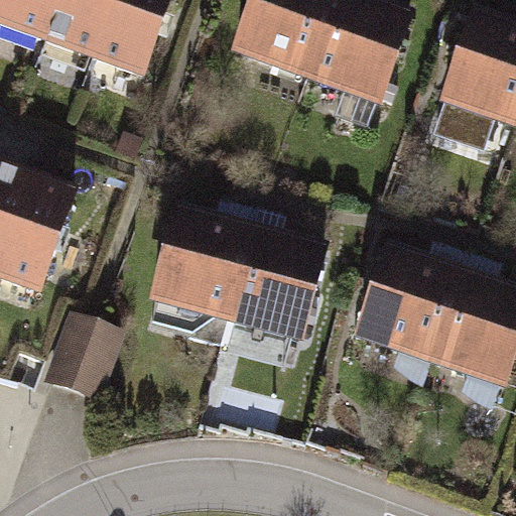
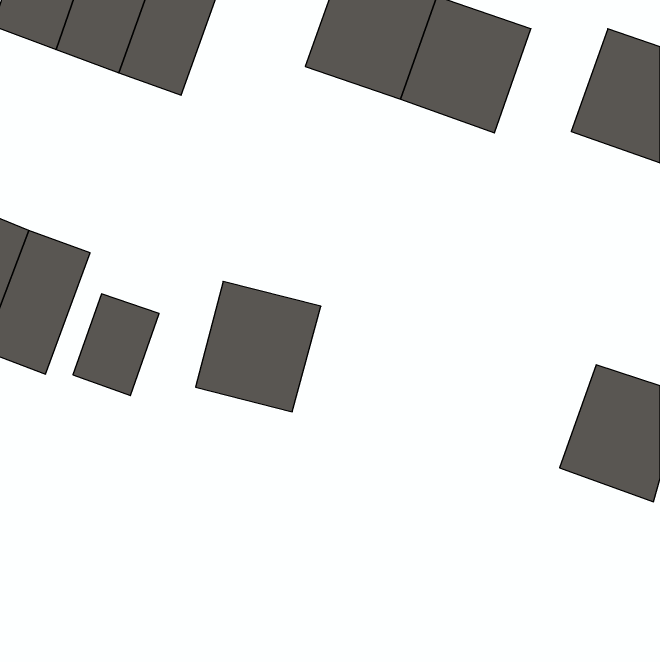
building: [226,237,322,340] -> none
building: [359,256,461,362] -> none
building: [48,318,115,397] -> [73,294,159,396]

